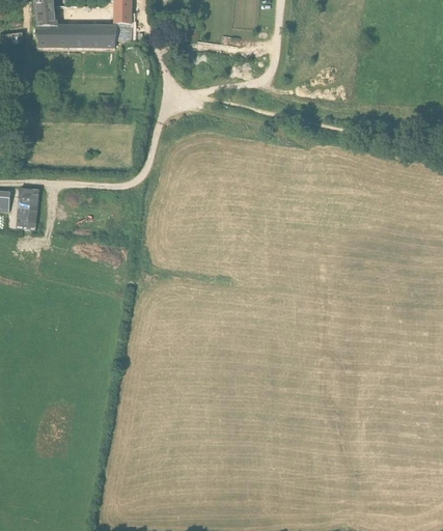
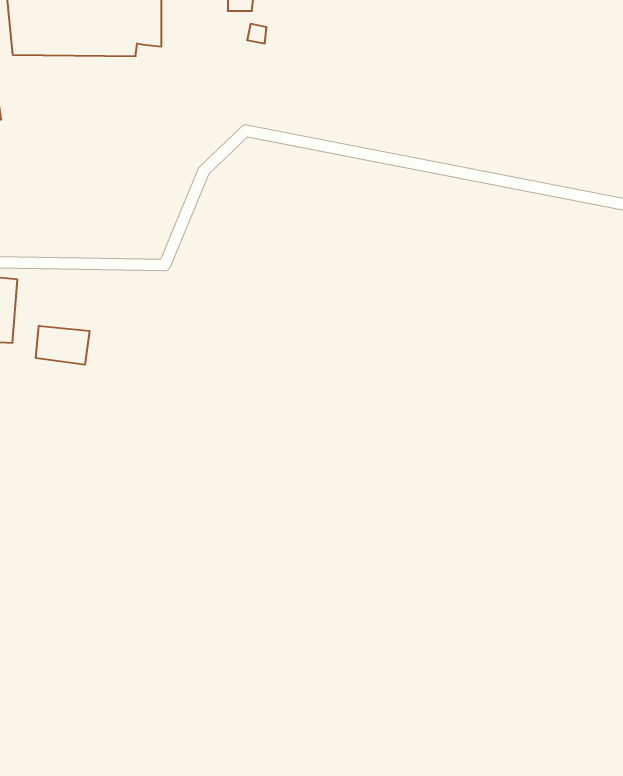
building: none -> [36,326,90,365]

